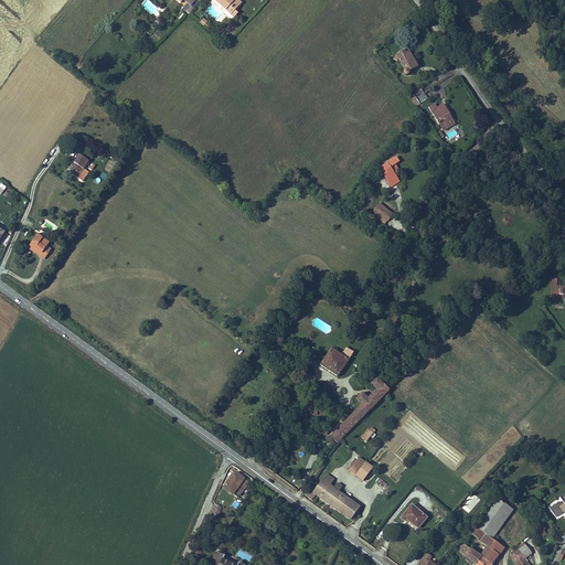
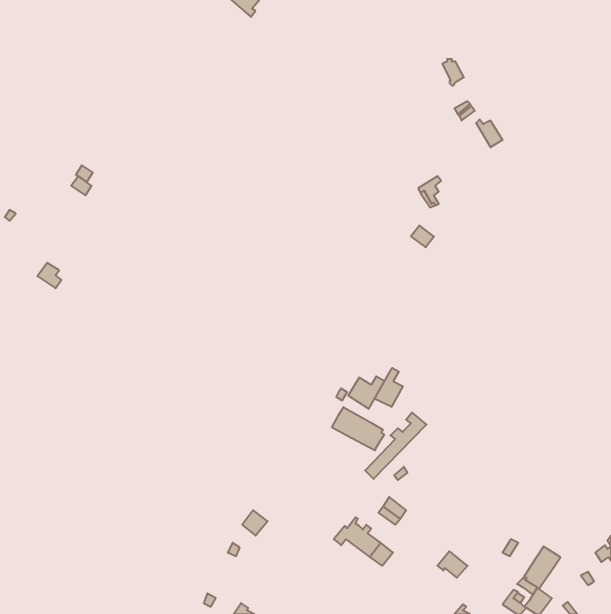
building: none -> [374,368,403,407]
building: none -> [332,407,384,450]

